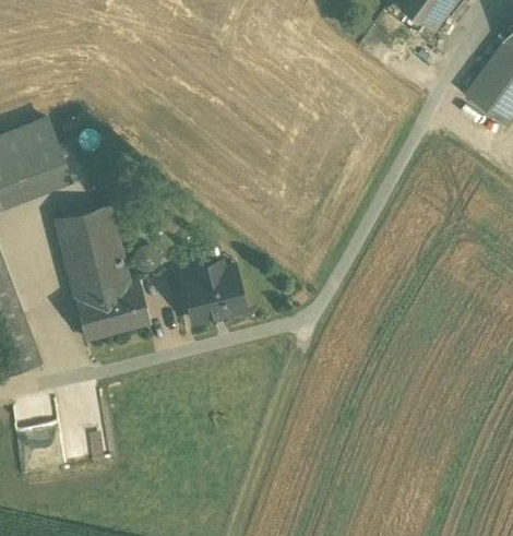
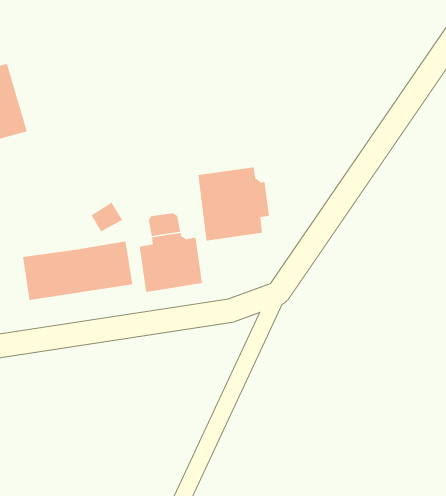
building: none -> [198,166,270,241]
building: [56,206,128,299] -> none

